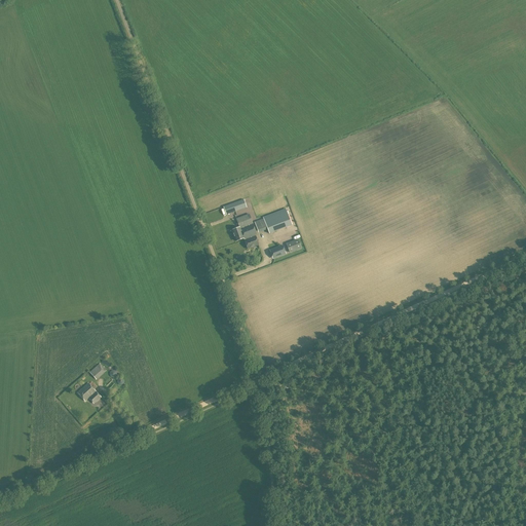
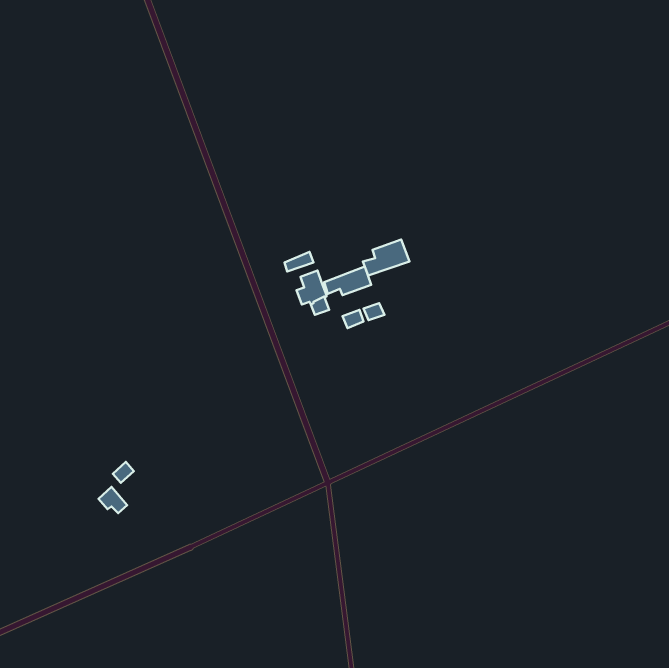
building: none -> [363,239,409,275]

